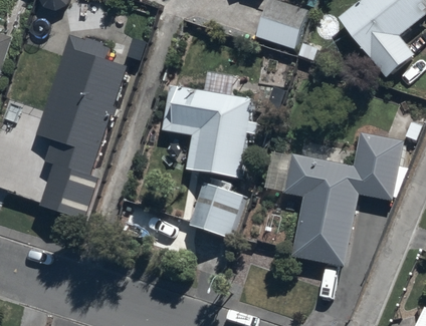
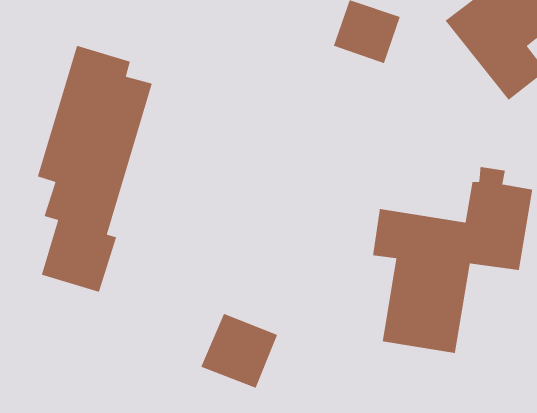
building: [162,74,258,178] -> none
building: [187,182,244,238] -> [200,313,278,389]

